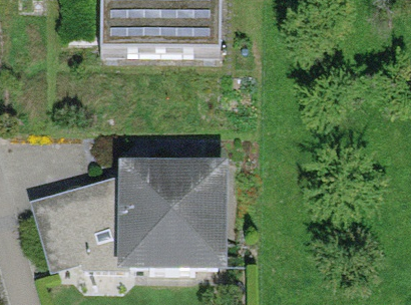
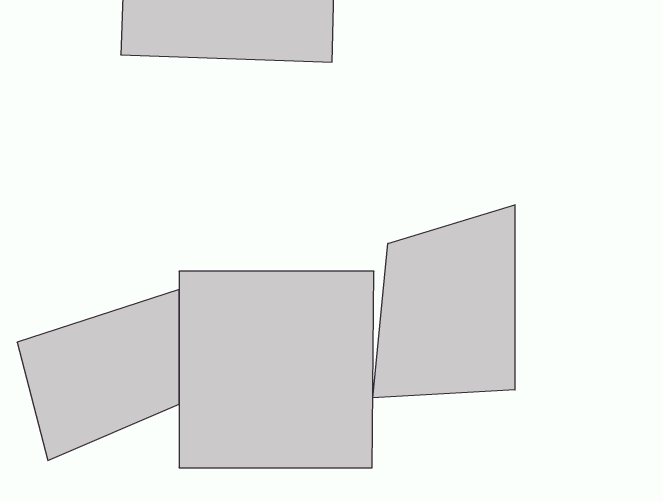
building: none -> [373,205,515,398]

